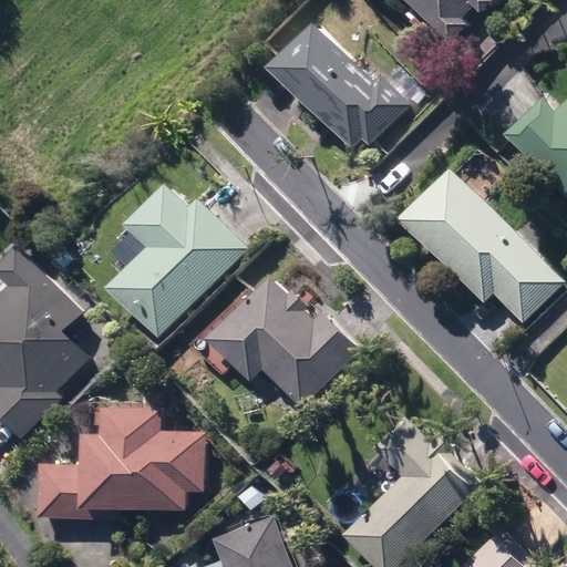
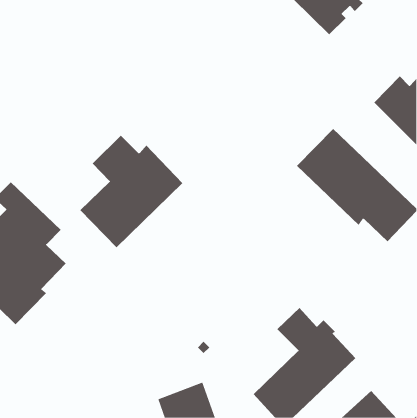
building: [266,25,408,151] -> none
building: [198,275,359,405] -> none
building: [37,404,207,518] -> none

